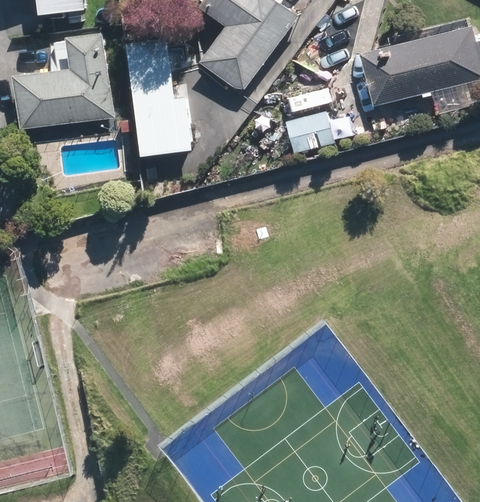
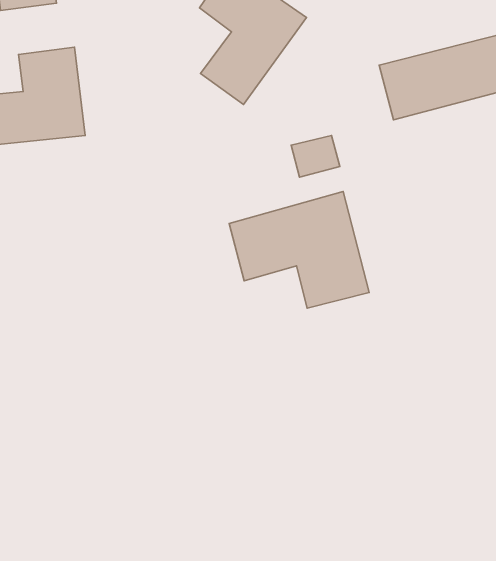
building: [129,33,190,152] -> none
building: none -> [229,192,369,308]

